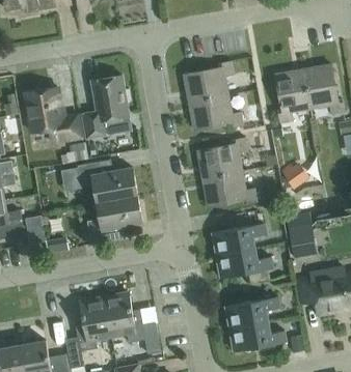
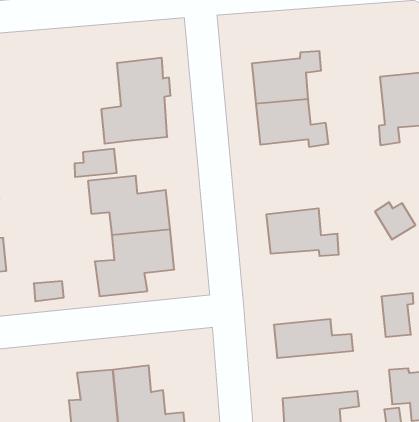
building: [25,87,83,141] -> none
building: [199,137,247,178] -> none
building: [212,223,266,255] -> none

